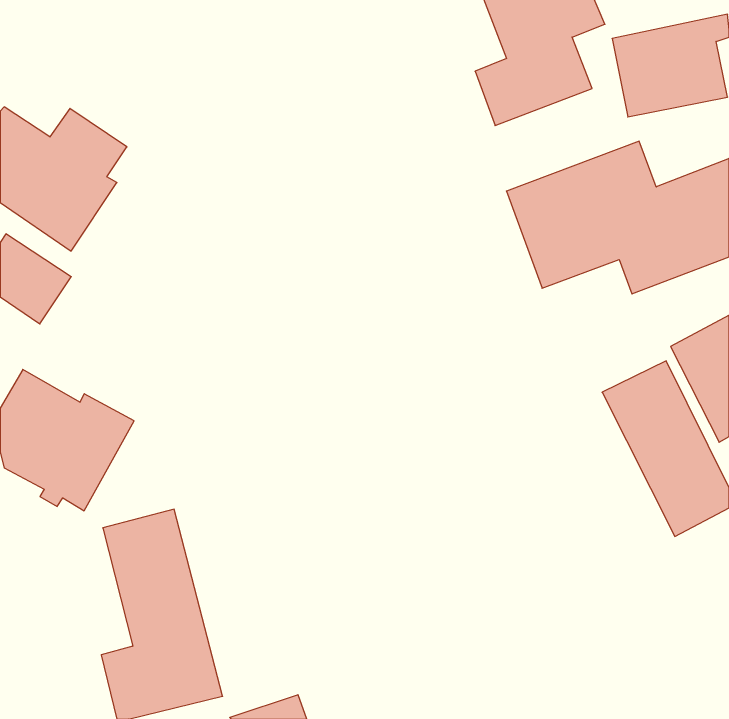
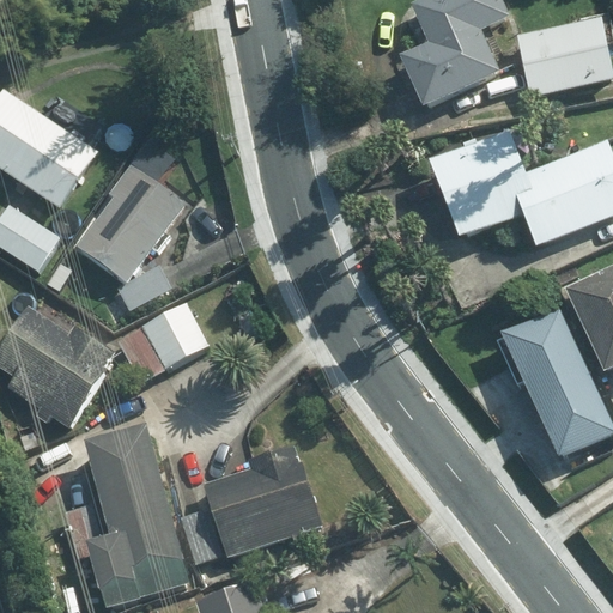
building: none -> [43,163,184,309]
building: none -> [114,302,208,384]
building: none -> [183,445,326,562]

